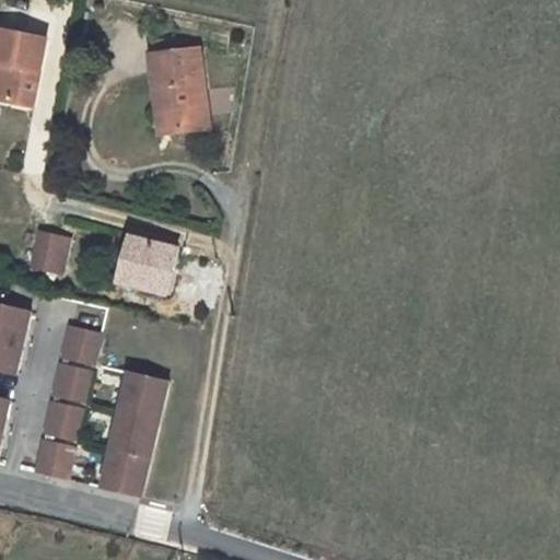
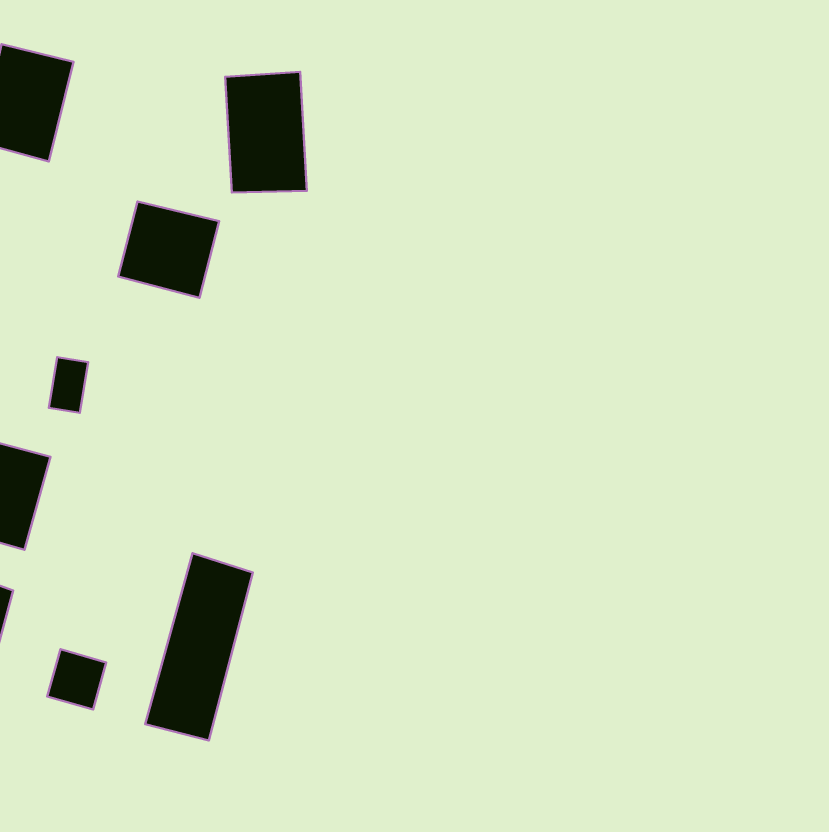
building: [110,233,178,298] -> [118,202,219,298]
building: [63,323,103,363] -> none
building: [52,360,92,401] -> none
building: [42,399,82,439] -> none

